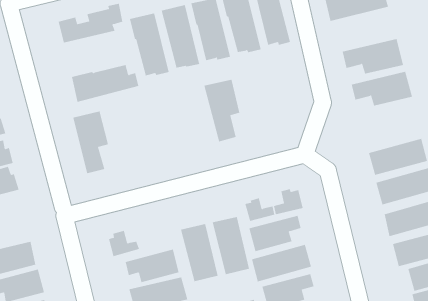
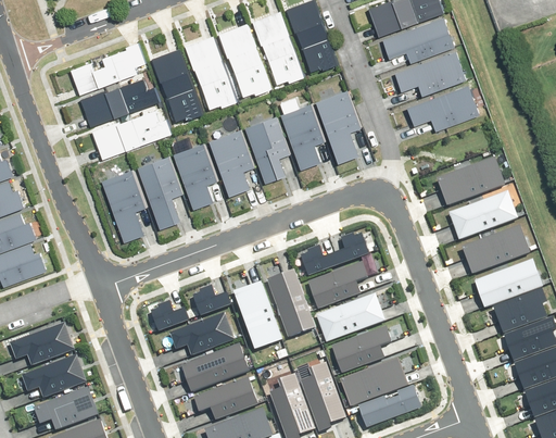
building: none -> [383,18,454,63]
building: none -> [79,79,157,127]
building: none -> [313,90,357,163]
building: none -> [277,102,321,175]
building: none -> [206,130,251,203]
building: none -> [170,143,215,216]
building: none -> [135,154,179,228]
building: none -> [197,283,232,314]

